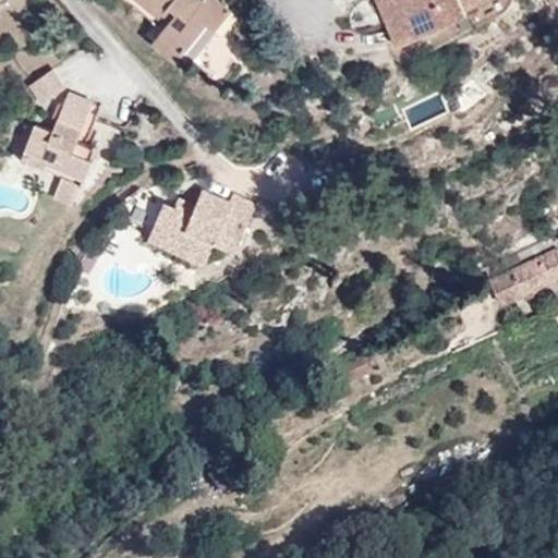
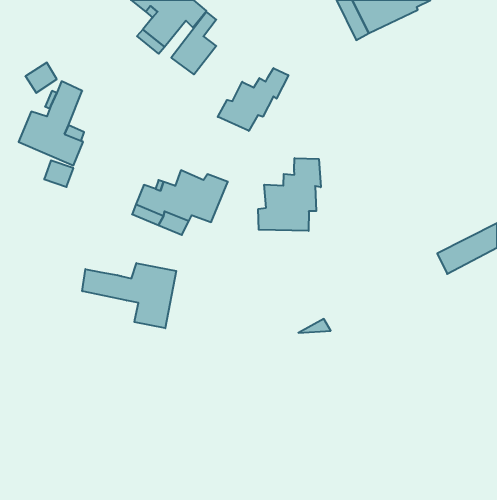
building: none -> [218,68,288,131]
building: none -> [258,158,321,231]
building: none -> [82,263,176,328]

